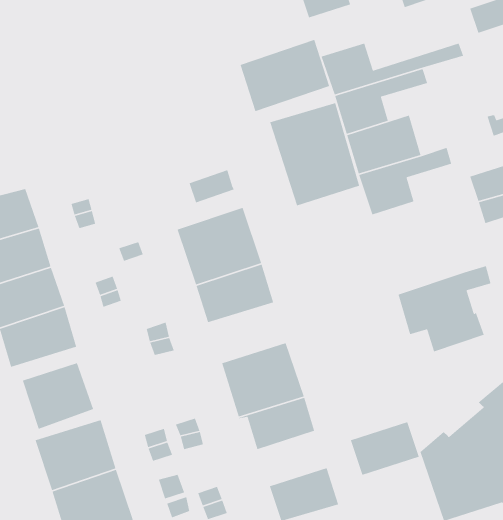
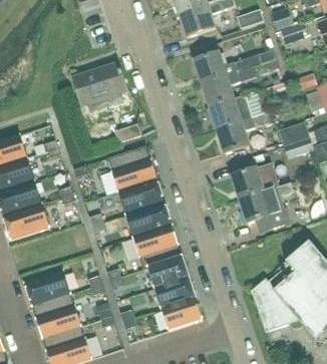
building: [239,39,330,112] -> [73,60,126,103]
building: [269,102,360,207] -> none
building: none -> [230,161,276,197]
building: none -> [125,202,172,237]
building: [22,362,94,430] -> none
building: [350,421,420,476] -> [154,277,196,309]

